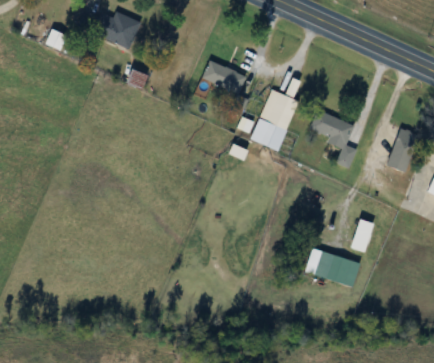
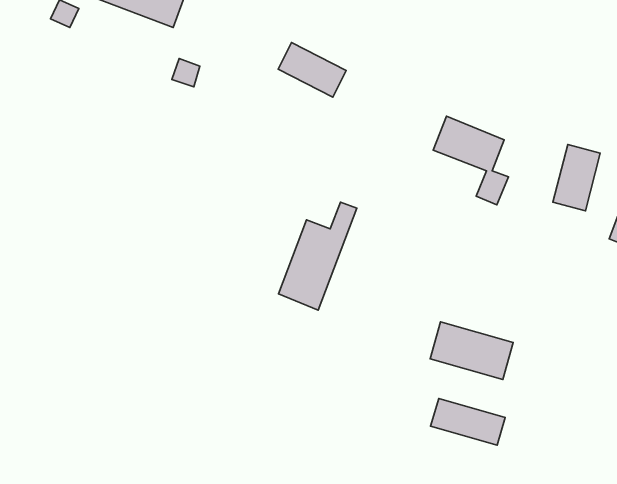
building: [250,77,303,150] -> [278,202,357,310]
building: [352,218,373,252] -> none
building: none -> [430,398,505,445]

